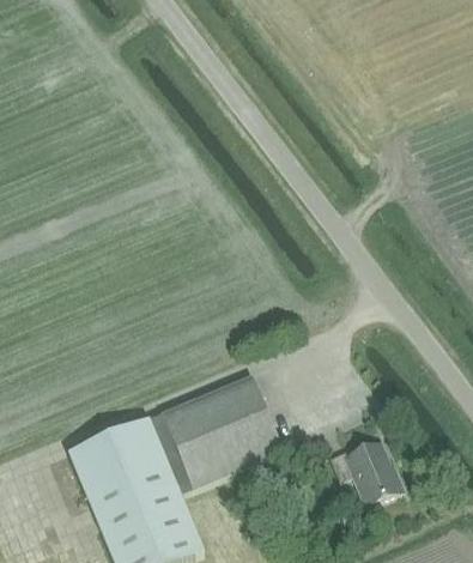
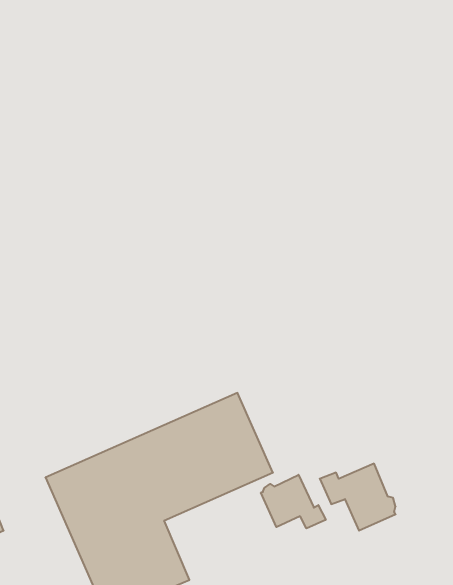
building: none -> [261,475,326,528]

